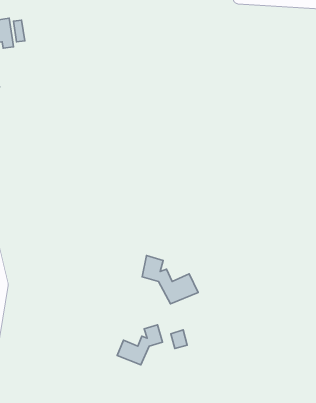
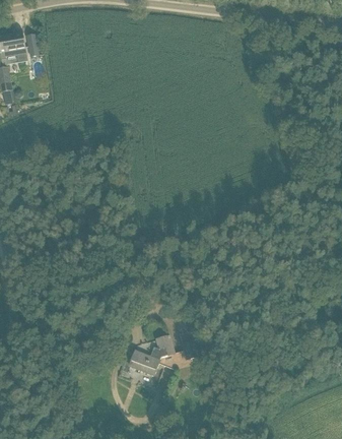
building: [142,256,198,304] -> none

